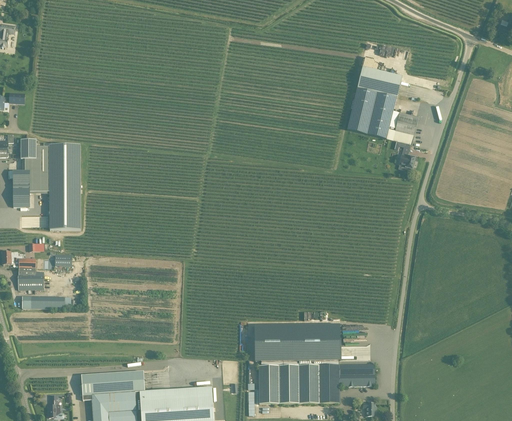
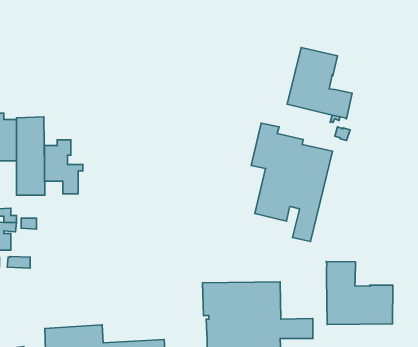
building: none -> [251,123,332,242]
building: none -> [45,140,83,194]
building: none -> [326,262,393,325]

